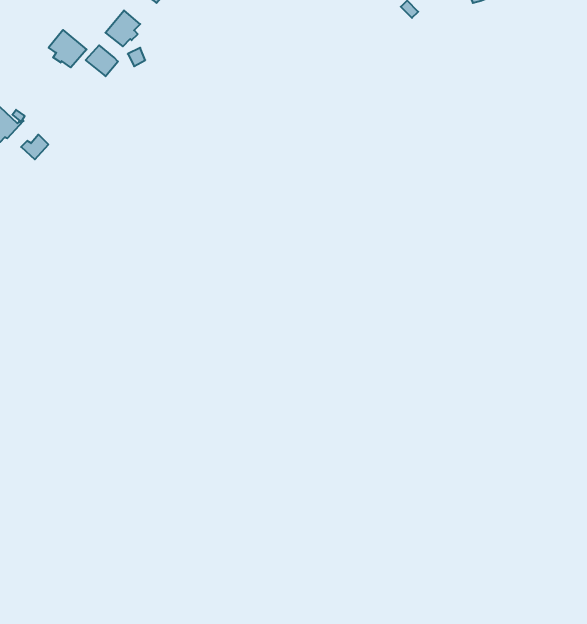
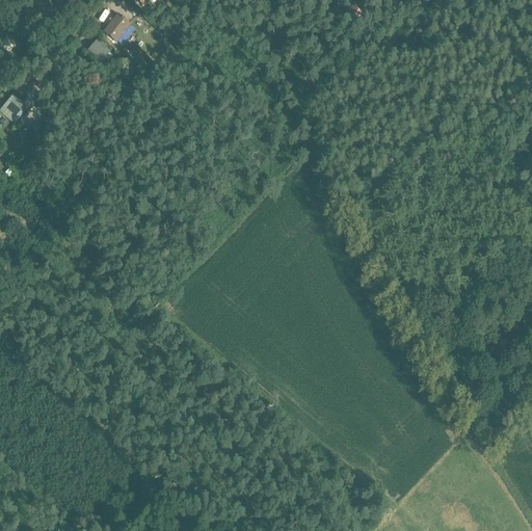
building: [49,30,87,67] -> none

